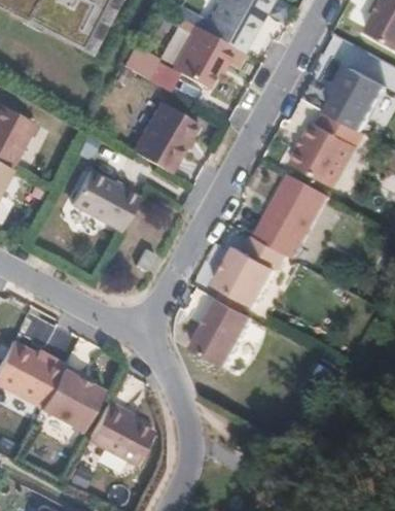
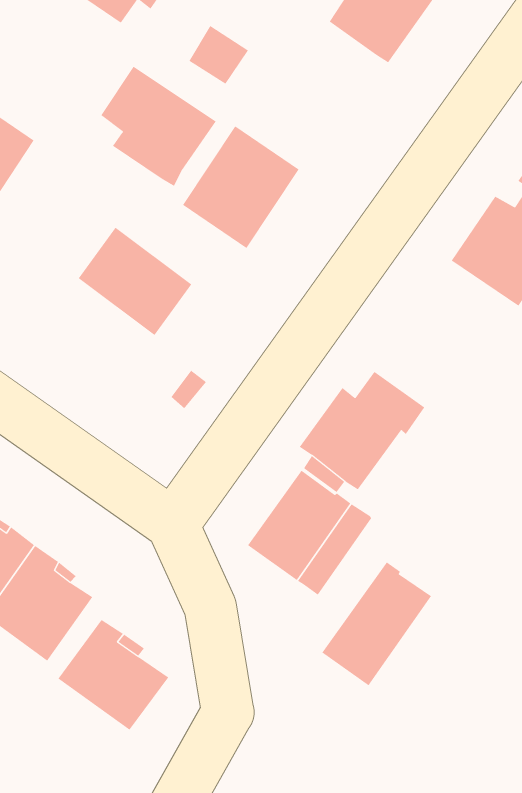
building: [171,28,232,89] -> none
building: none -> [101,66,216,187]
building: [254,173,325,258] -> none
building: none -> [322,562,432,686]

